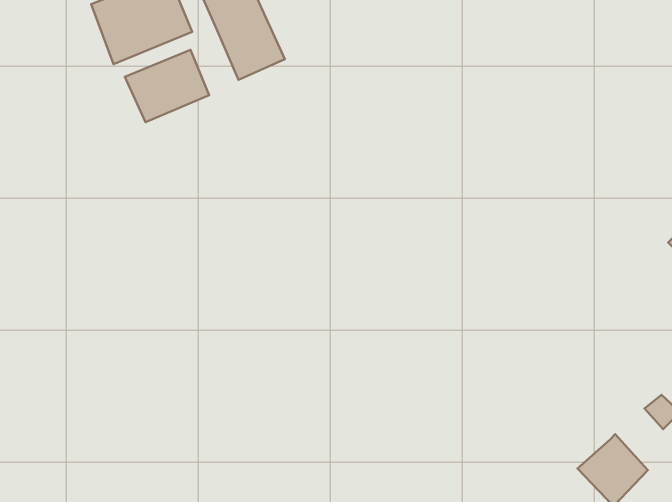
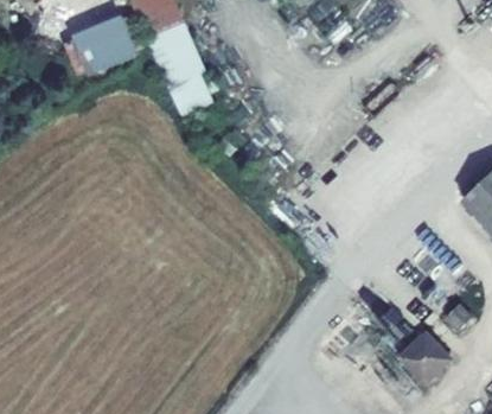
building: [125,50,209,122] -> none
building: none -> [168,74,215,120]

